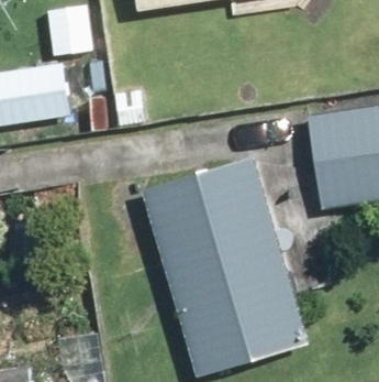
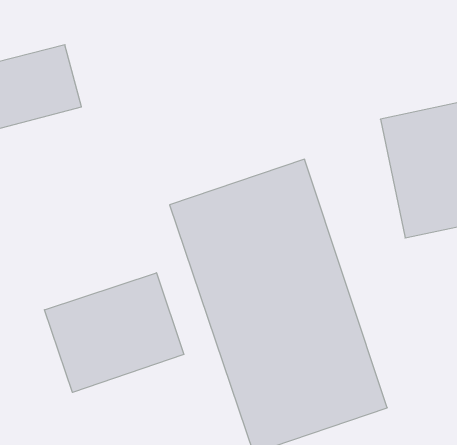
building: none -> [44,273,184,392]

